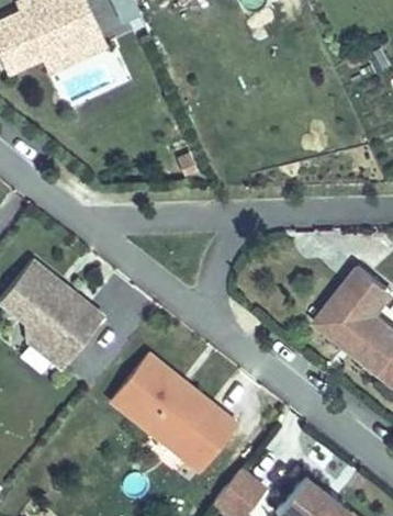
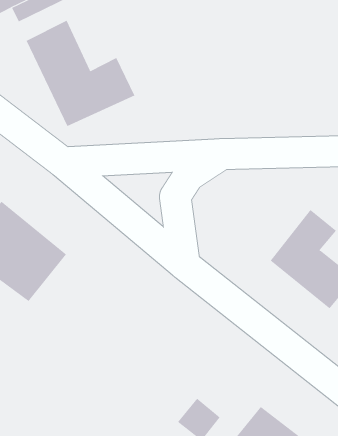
building: none -> [26,20,135,127]
building: [112,355,235,469] -> none

